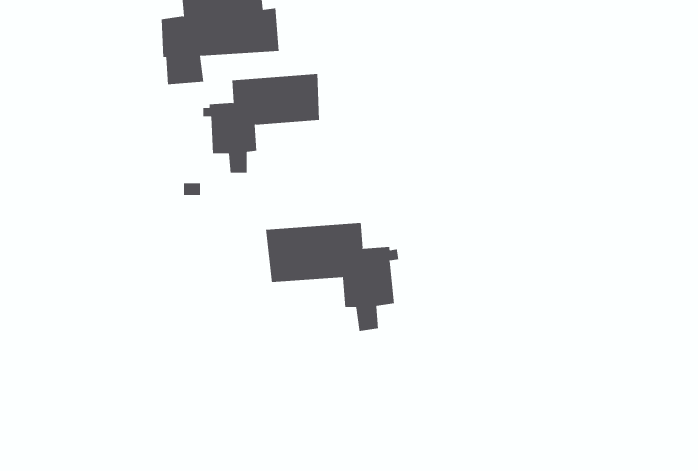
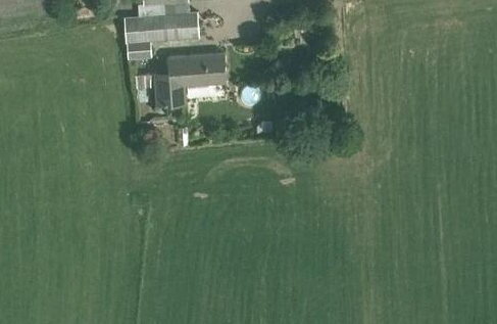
building: [266,222,399,332] -> none

